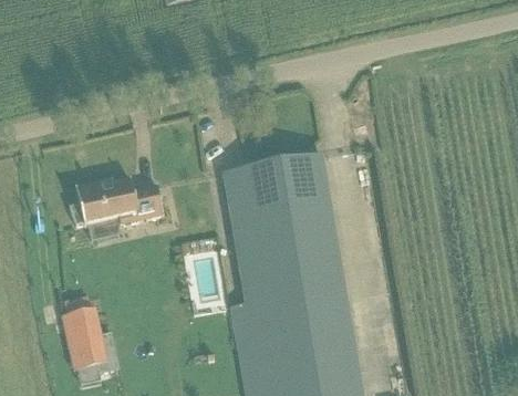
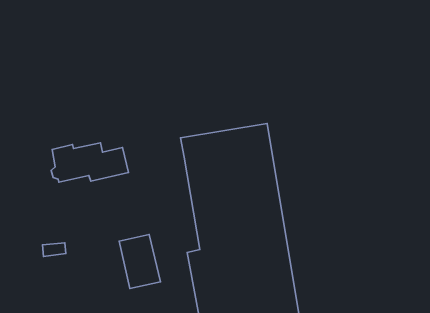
building: [61,305,108,367] -> [119,234,161,288]

